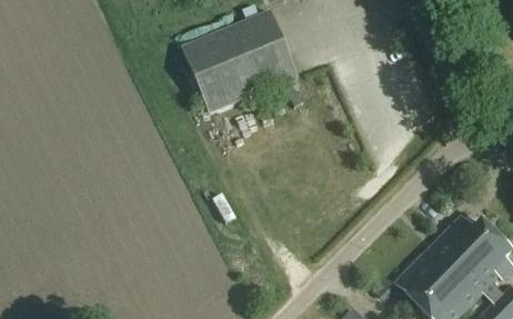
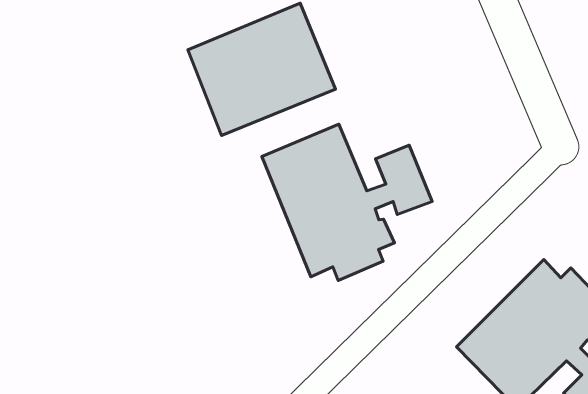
building: none -> [262,124,432,281]

